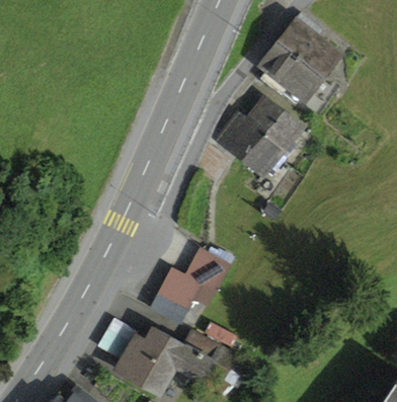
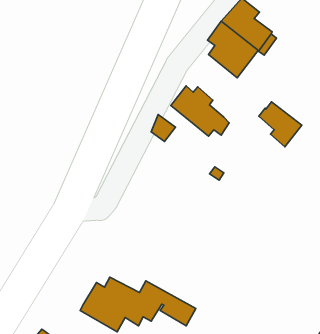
building: [251,98,300,149] -> [259,102,302,147]
building: [161,250,230,311] -> none
building: [98,318,139,360] -> none

